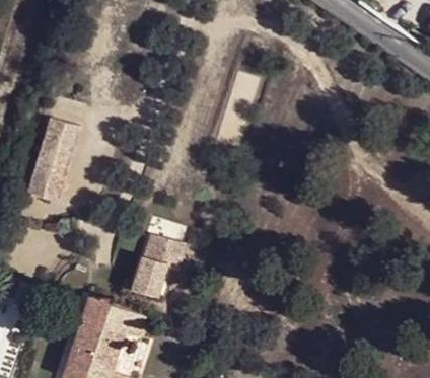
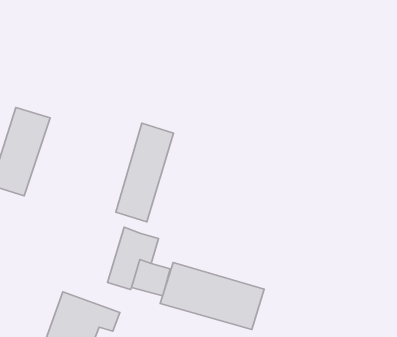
building: none -> [116,123,174,222]
building: none -> [160,262,264,329]

